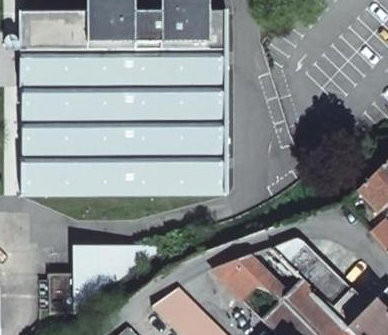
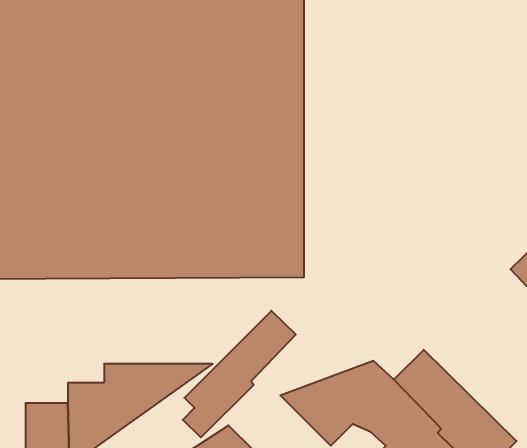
building: none -> [183,311,296,437]

